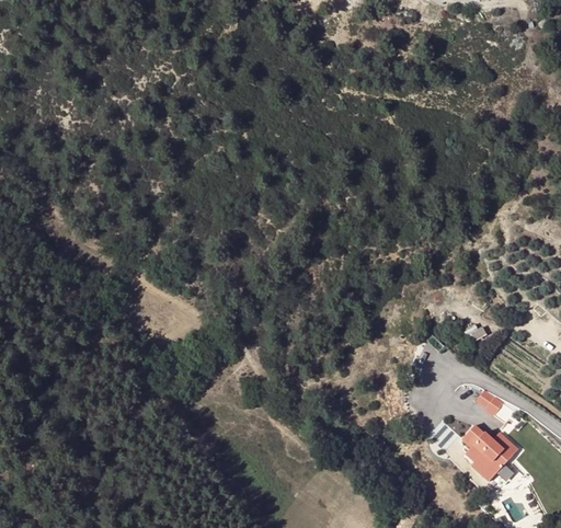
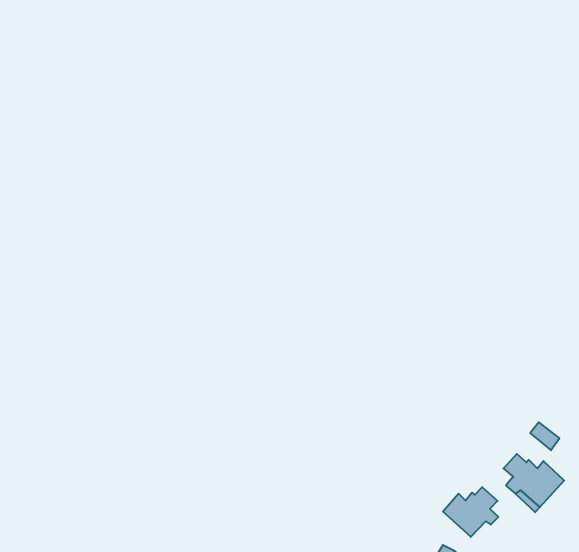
building: none -> [443,487,498,537]

